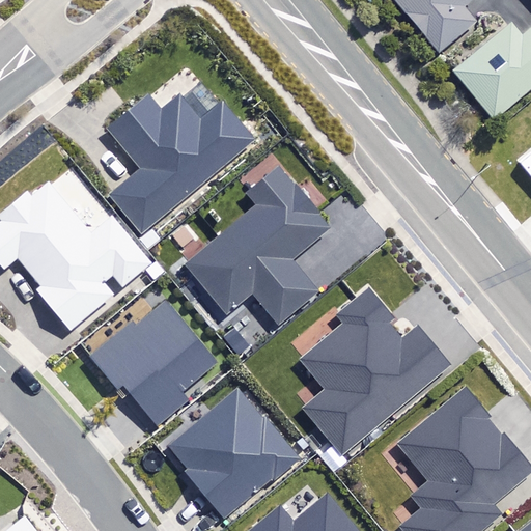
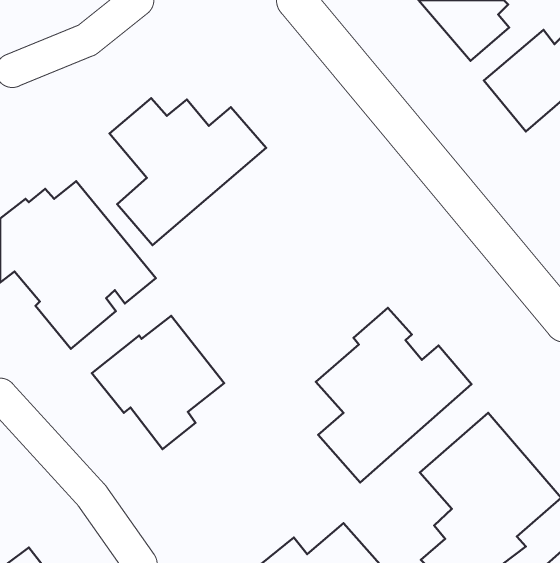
building: [185,164,330,325] -> none
building: [167,388,297,518] -> none

